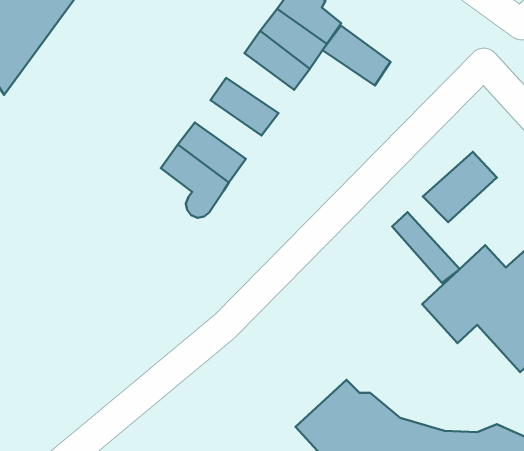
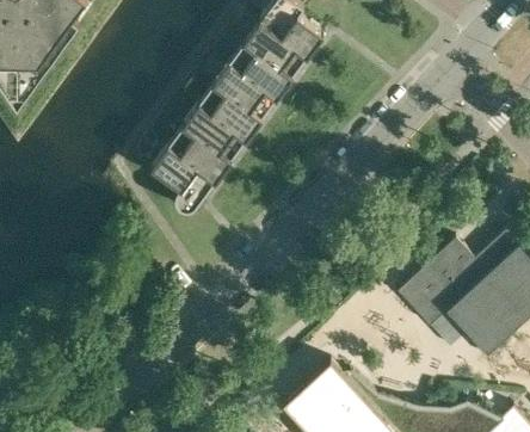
building: [323,25,391,85] -> [215,62,277,117]
building: none -> [186,105,247,159]
building: [423,152,497,222] -> none
building: [392,212,460,283] -> none

